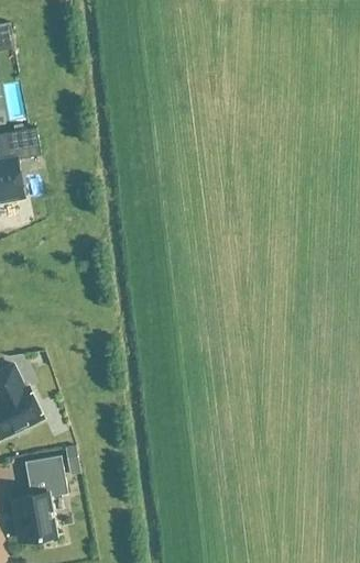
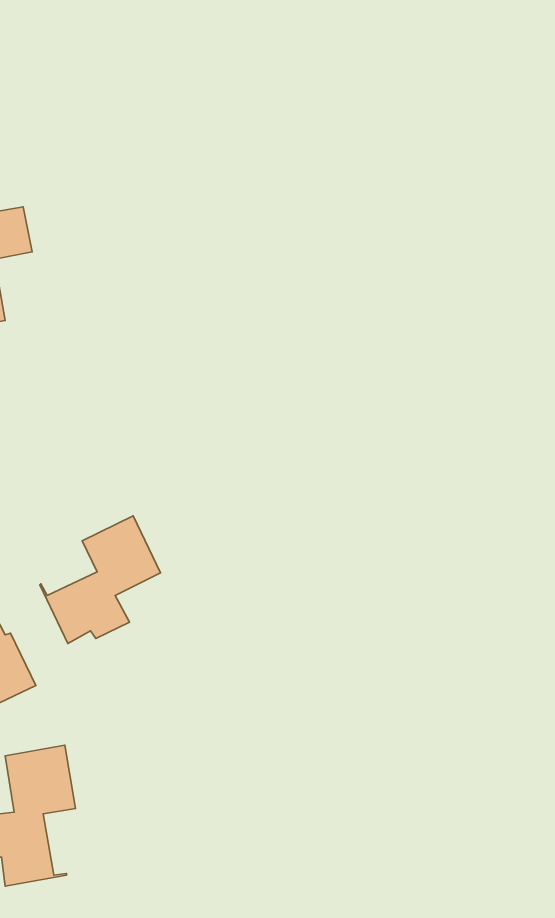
building: none -> [40,516,160,643]

